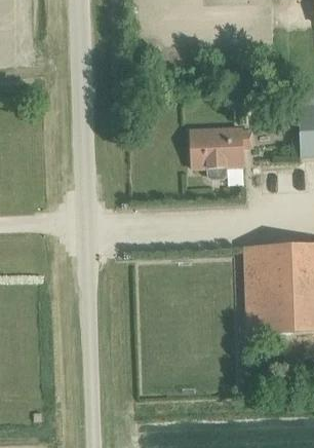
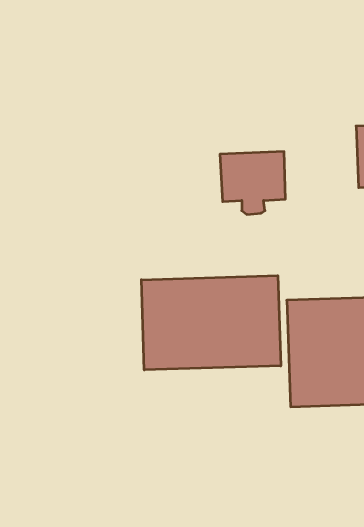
building: none -> [141,276,281,370]

